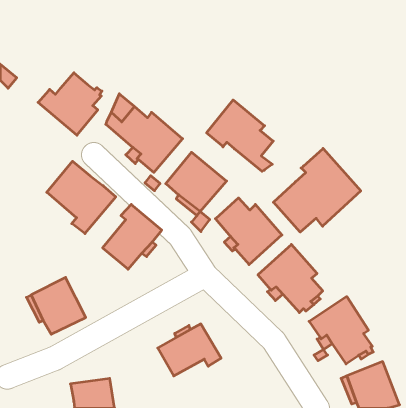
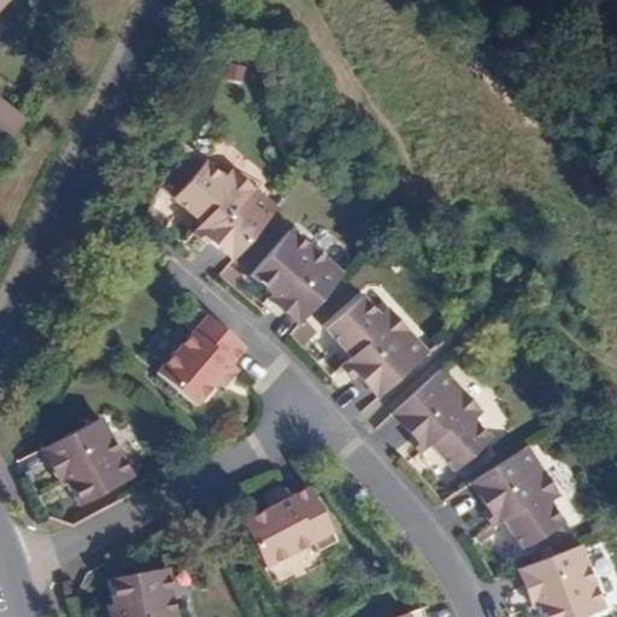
building: [38,73,102,135] -> none
building: [207,100,273,171] -> none
building: [273,148,361,232] -> none
building: [47,161,116,234] -> none

